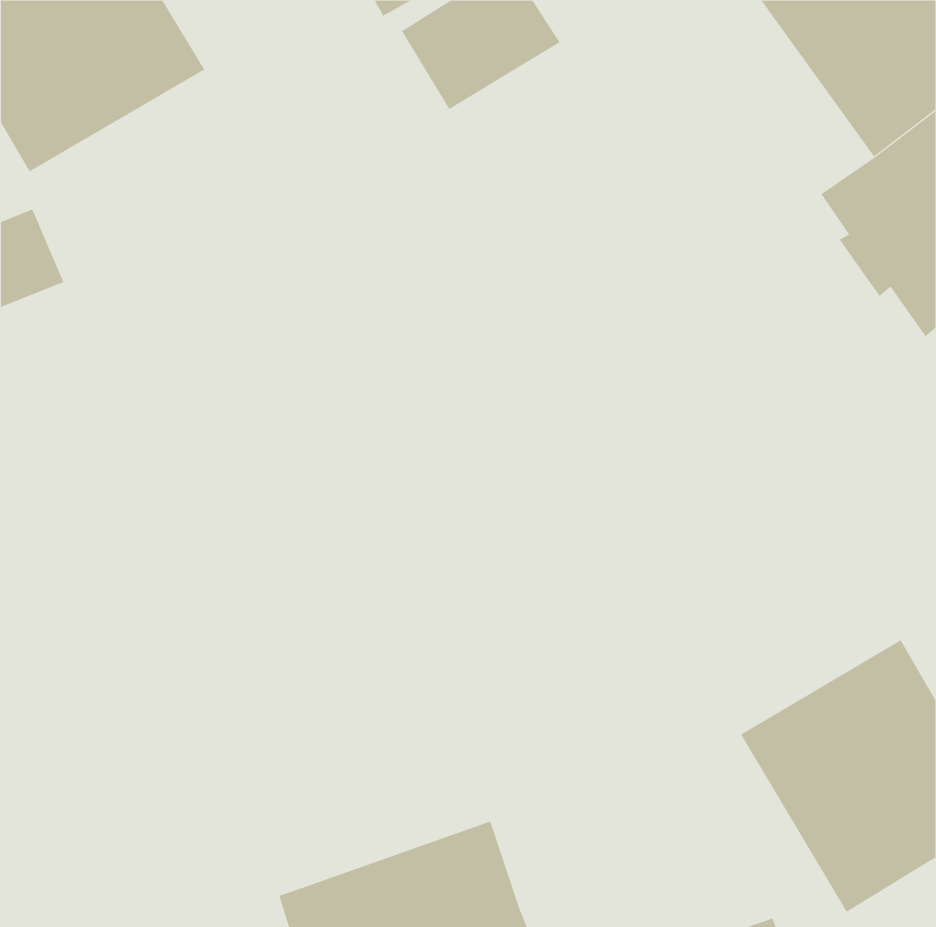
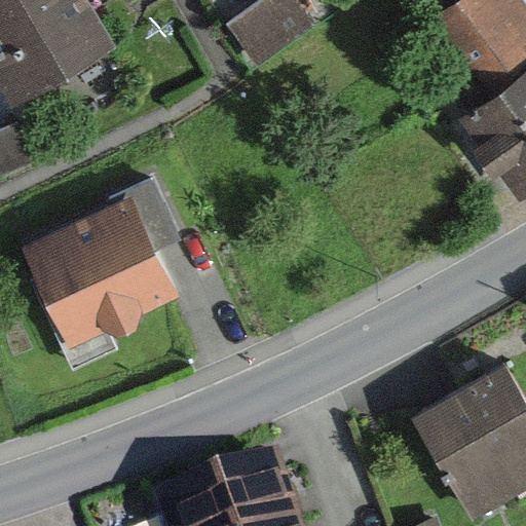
building: none -> [25,180,181,344]

